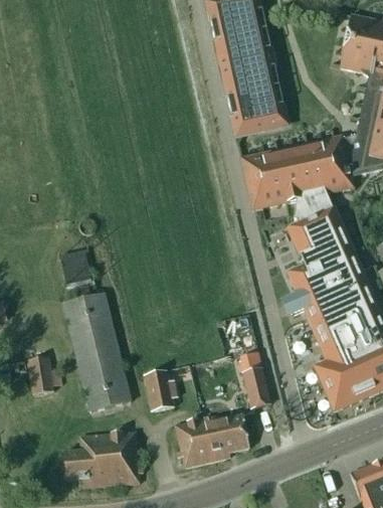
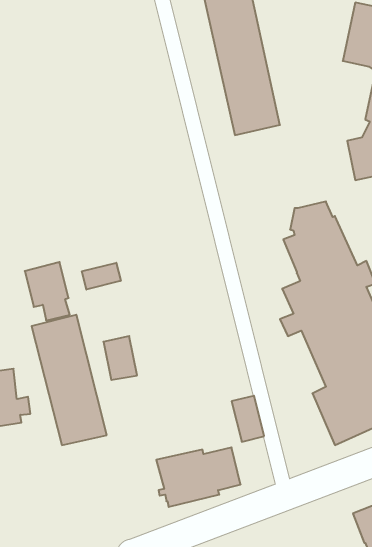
building: [242,136,355,208] -> none
building: none -> [82,263,121,290]
building: [144,371,174,410] -> [103,336,137,380]
building: [63,432,143,488] -> none

